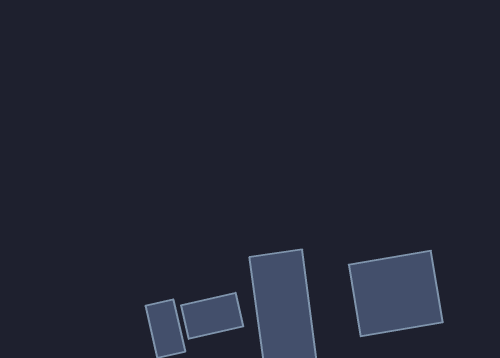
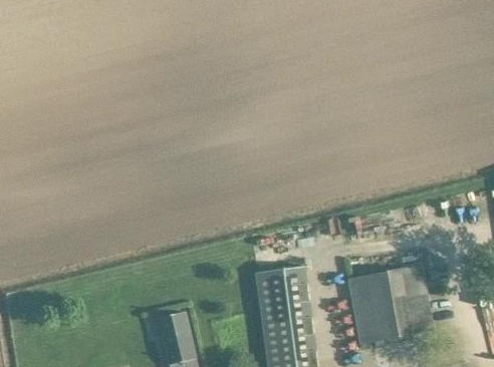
building: [181,293,243,339] -> none

